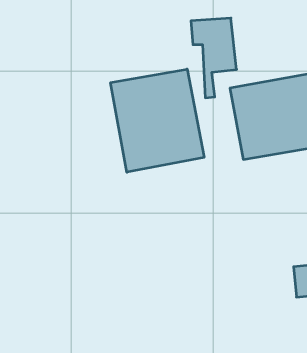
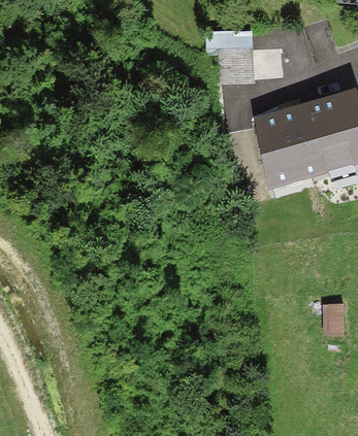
building: [111,69,204,172] -> none

